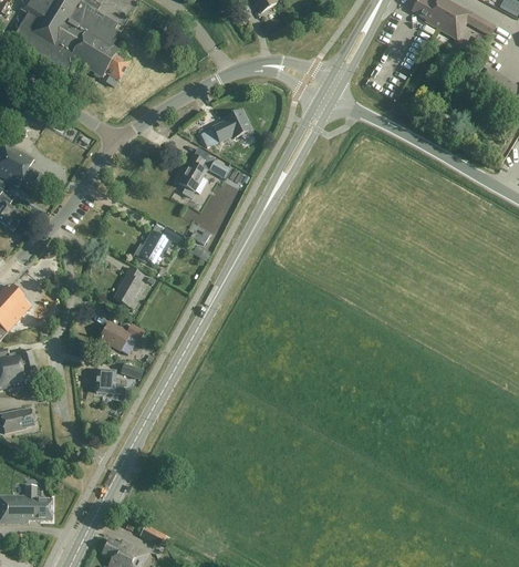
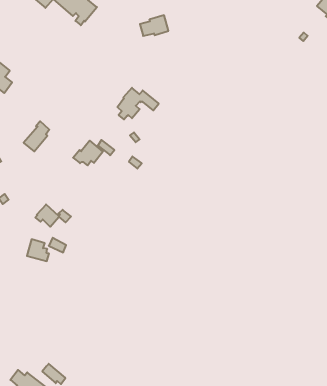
building: [211,110,249,141] -> [140,15,168,36]
building: [113,266,143,306] -> [24,121,49,151]

